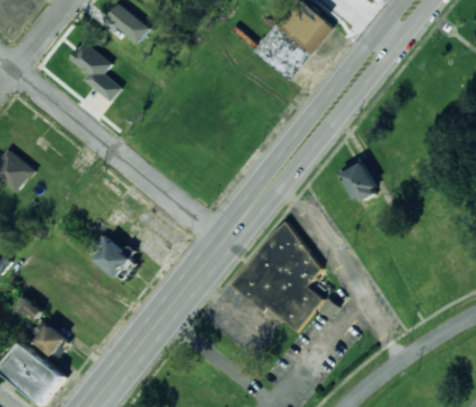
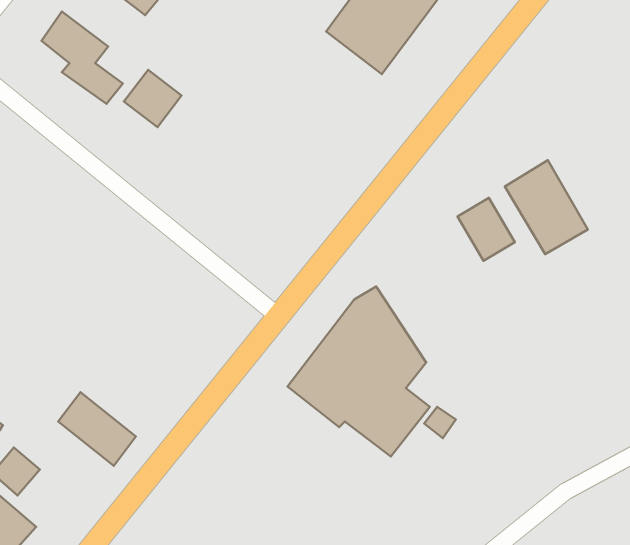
building: none -> [124,70,182,127]
building: none -> [505,160,588,254]
building: [85,231,135,279] -> [58,392,136,466]

